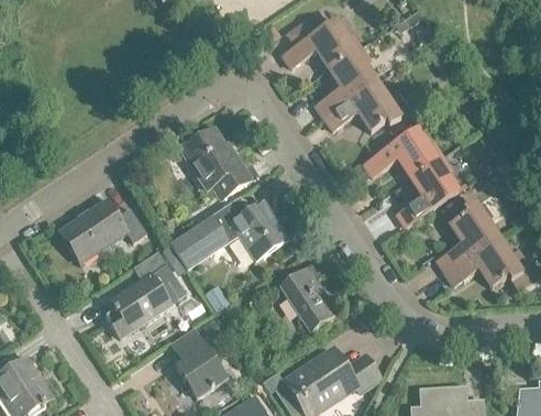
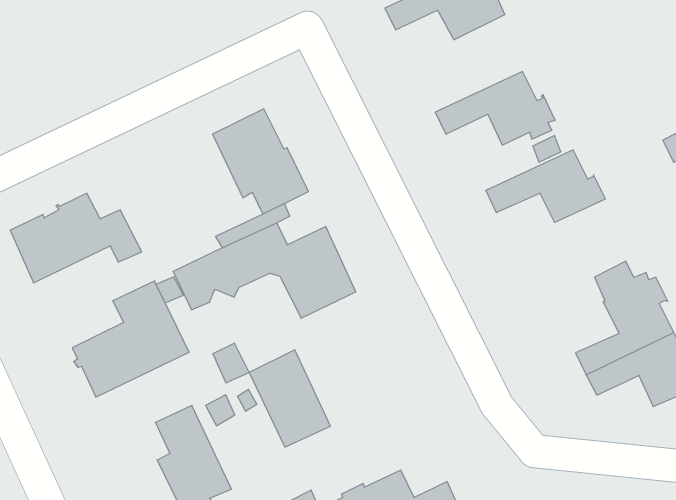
building: [316,47,377,117] -> none
building: [397,157,459,226] -> none
building: [280,267,338,331] -> [249,350,330,447]

